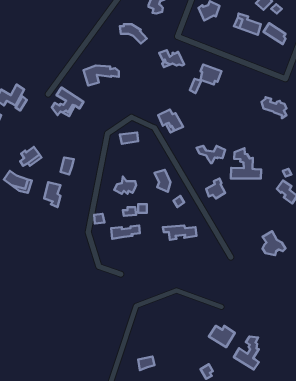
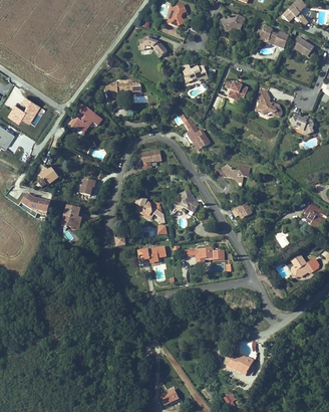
building: none -> [256,86,282,115]
building: [231,148,261,179] -> none
building: [234,337,259,370] -> none

